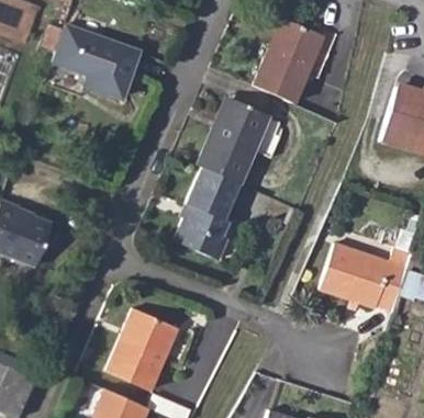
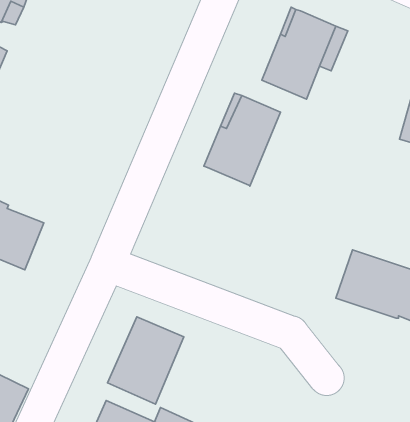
building: [51,22,135,94] -> none
building: [176,169,239,263] -> none

